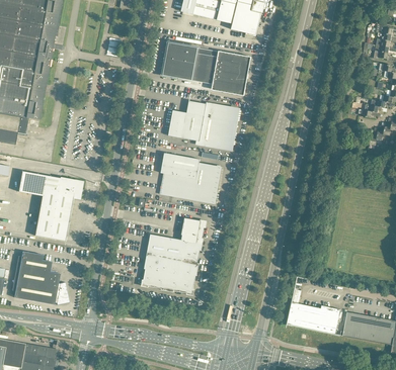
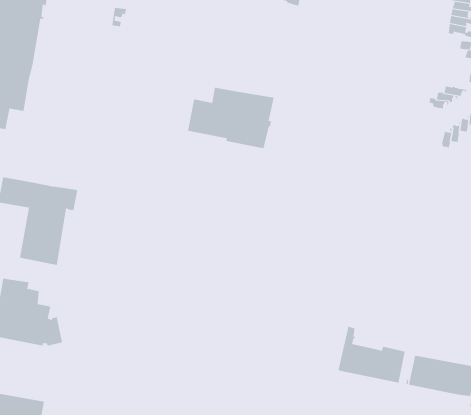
building: [162,41,249,94] -> none
building: [160,152,213,201] -> none
building: [141,217,206,294] -> none

